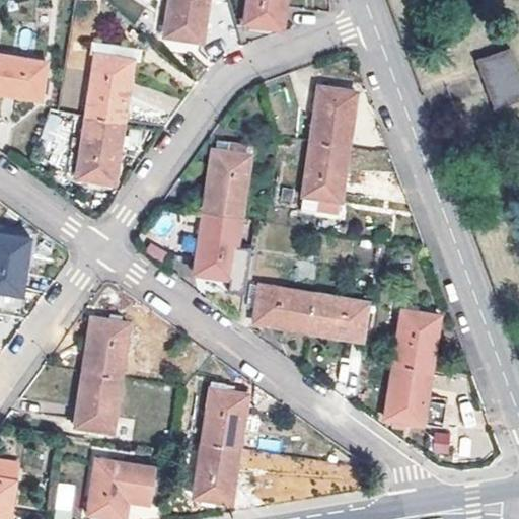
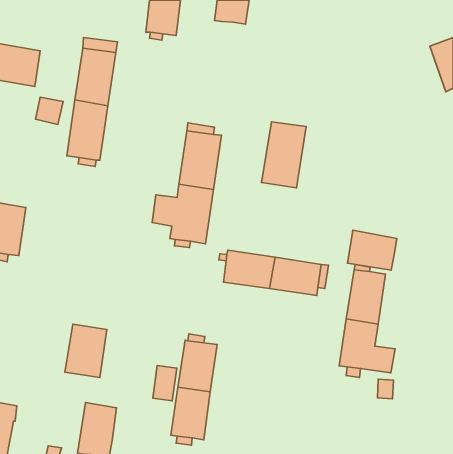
building: [309,84,357,145] -> none
building: none -> [348,230,397,270]
building: [83,318,129,376] -> none
building: [128,465,155,506] -> [153,365,177,401]

